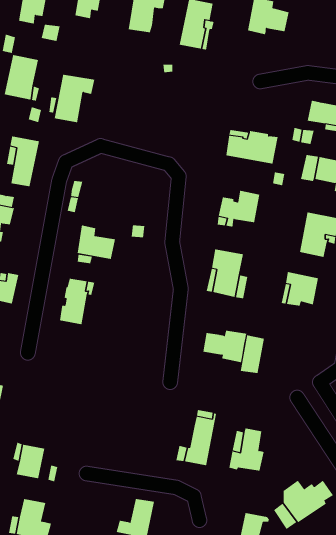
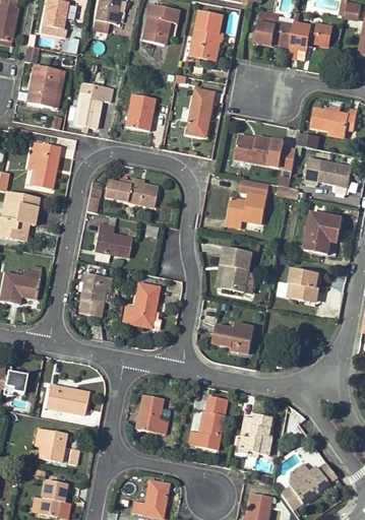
building: none -> [287,22,329,59]
building: none -> [186,88,215,136]
building: none -> [125,93,155,131]
building: none -> [104,181,157,206]
building: none -> [130,282,159,326]
building: [240,335,264,374] -> none
building: none -> [44,384,87,413]
building: none -> [135,394,167,434]

